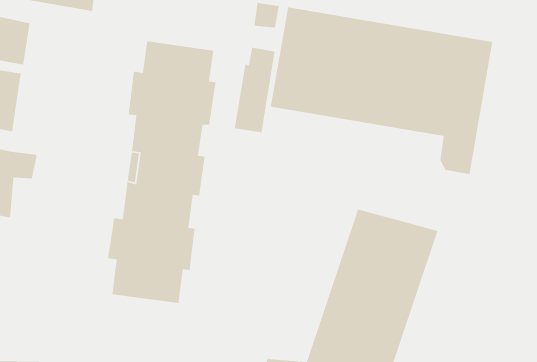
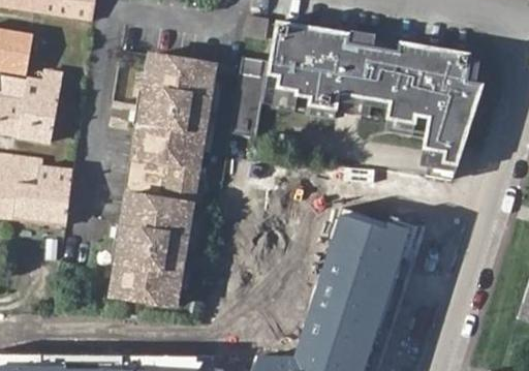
building: none -> [19,72,64,144]
building: none -> [17,161,74,225]

